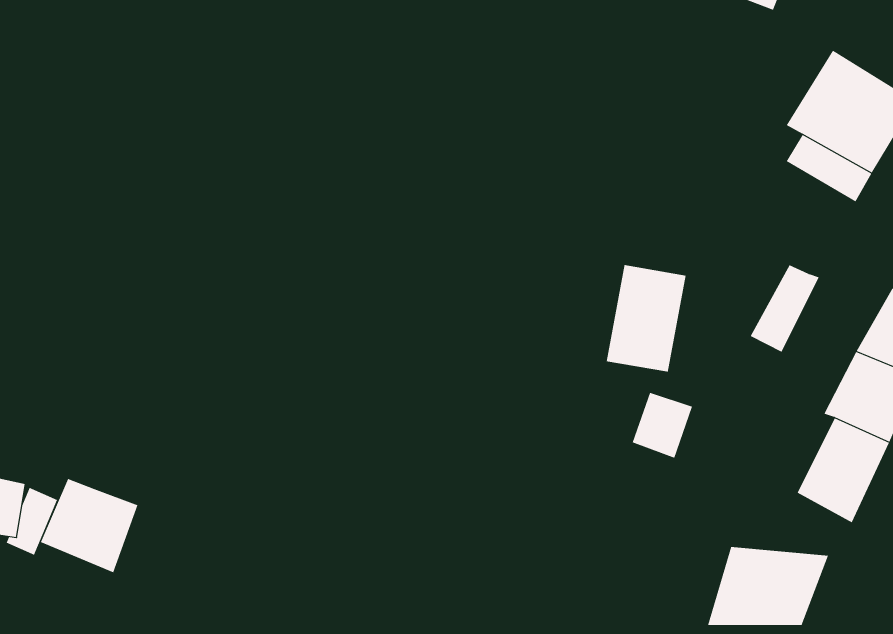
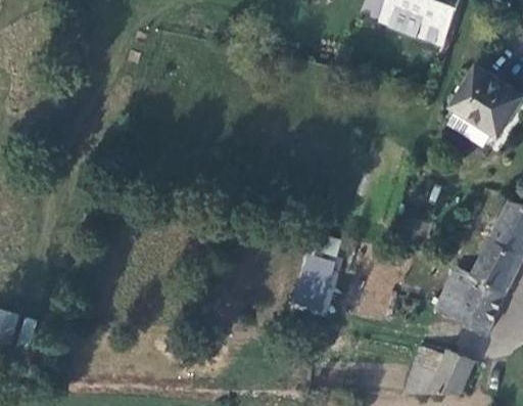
building: [750,265,820,352] -> [437,268,477,318]
building: [606,265,687,372] -> [289,254,335,315]
building: [40,478,138,573] -> none

